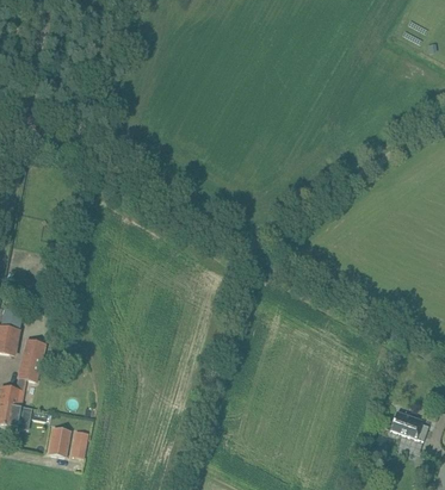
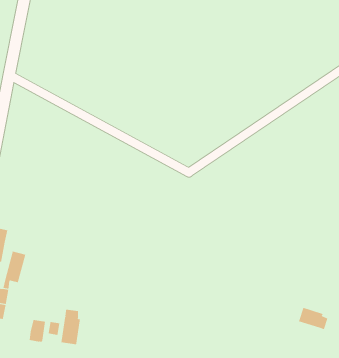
building: none -> [61,309,81,345]

